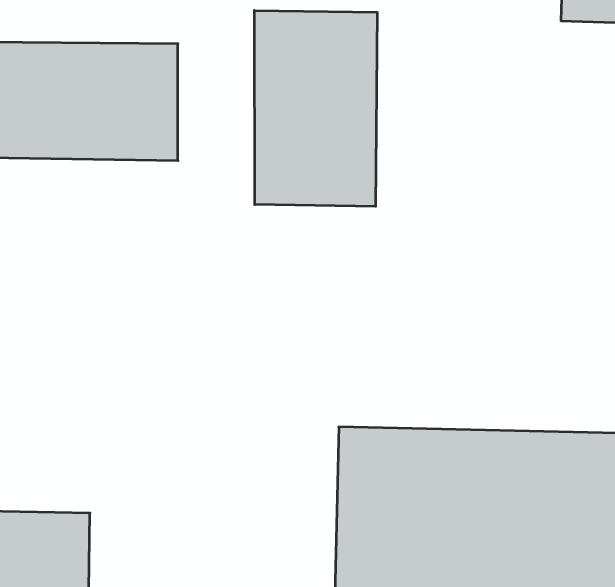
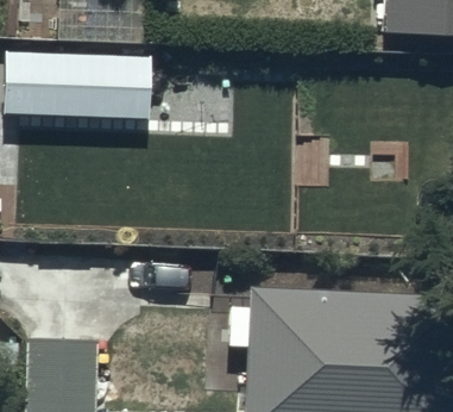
building: [254,10,377,206] -> none

